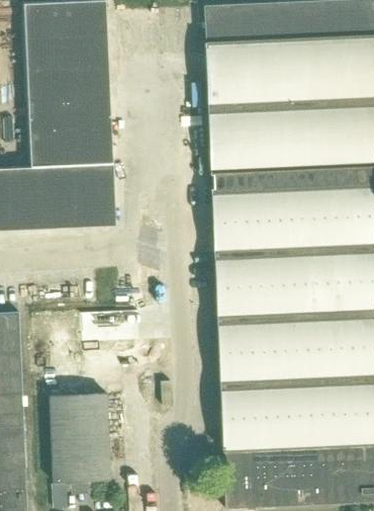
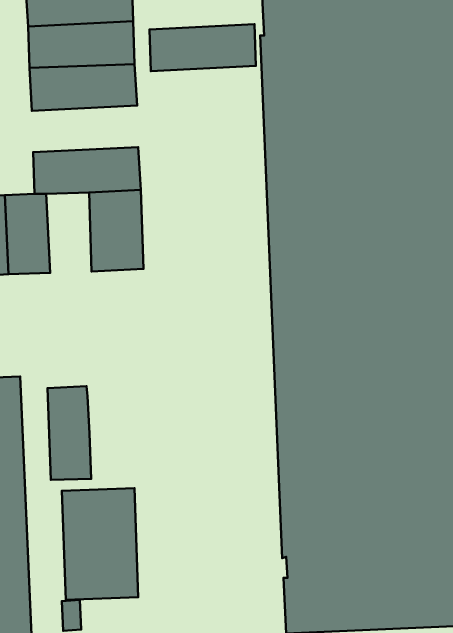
building: [27,97,110,134] -> [149,24,256,71]
building: [38,165,74,228] -> none
building: none -> [48,386,91,480]

